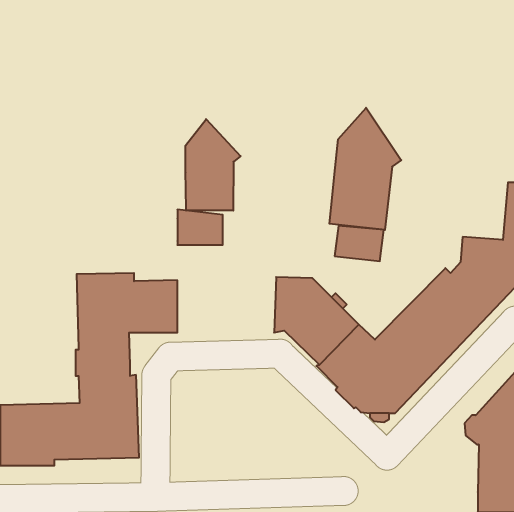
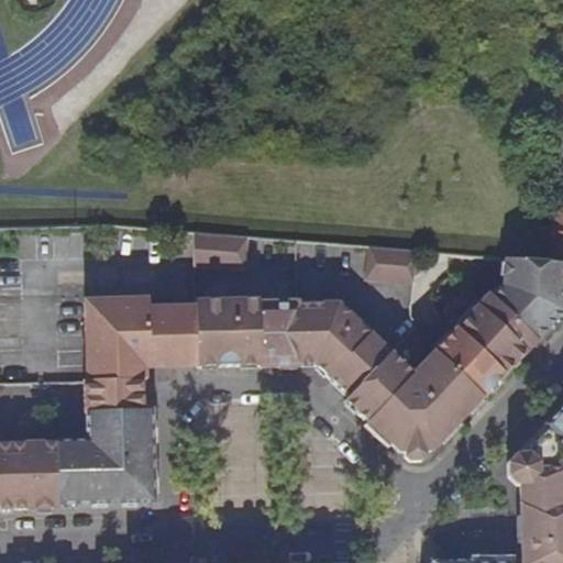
building: [329,108,401,230] -> none
building: [185,119,241,211] -> none
building: none -> [195,298,302,363]

